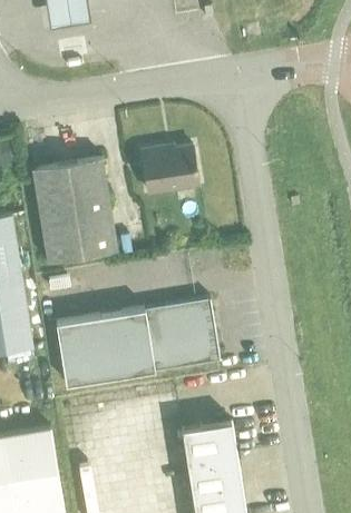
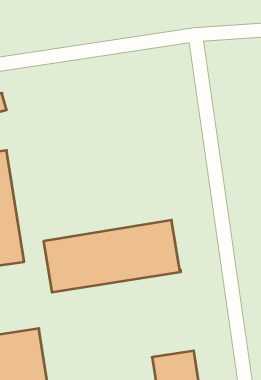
building: [142,148,199,195] -> none
building: [32,160,117,264] -> none
building: [182,423,237,464] -> none

